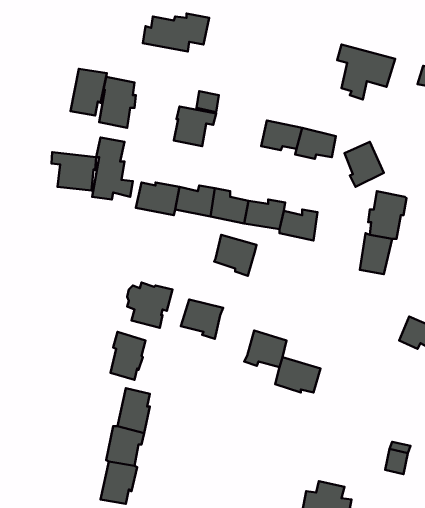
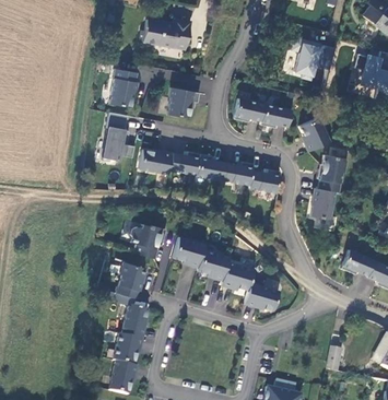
building: [70,69,107,116] -> none
building: [52,152,96,190] -> none
building: [214,235,256,276] -> [197,248,230,280]

